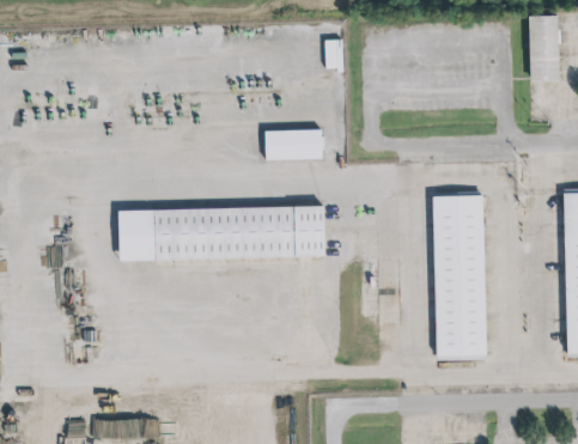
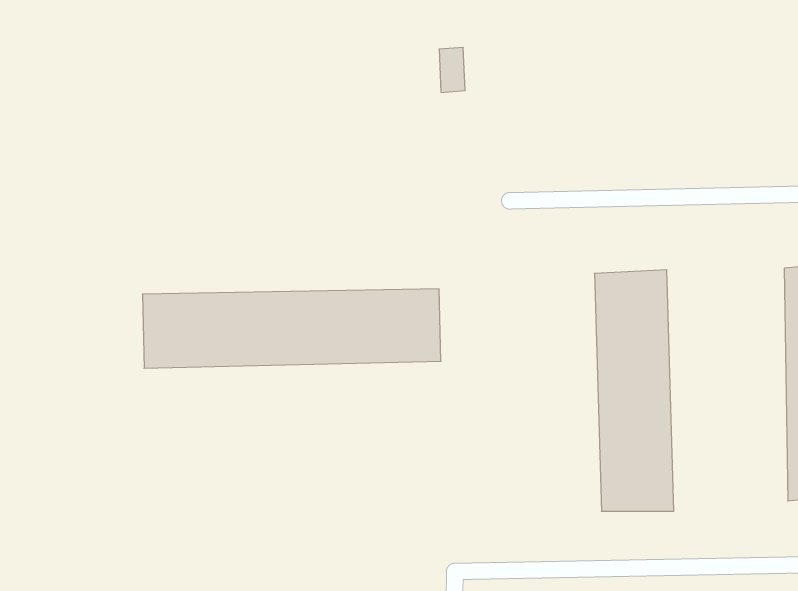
building: [529,14,560,81] -> none
building: [264,128,322,160] -> none

